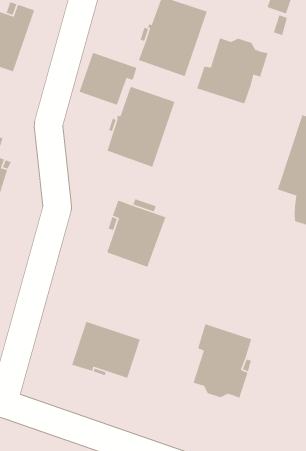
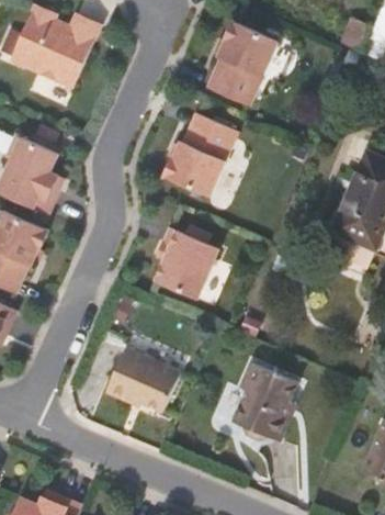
building: [196,37,269,104] -> none
building: [79,52,138,106] -> none

